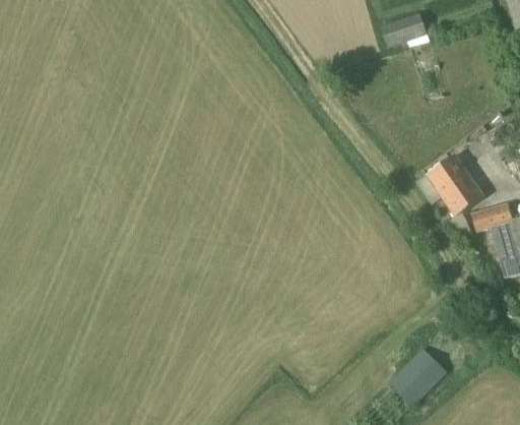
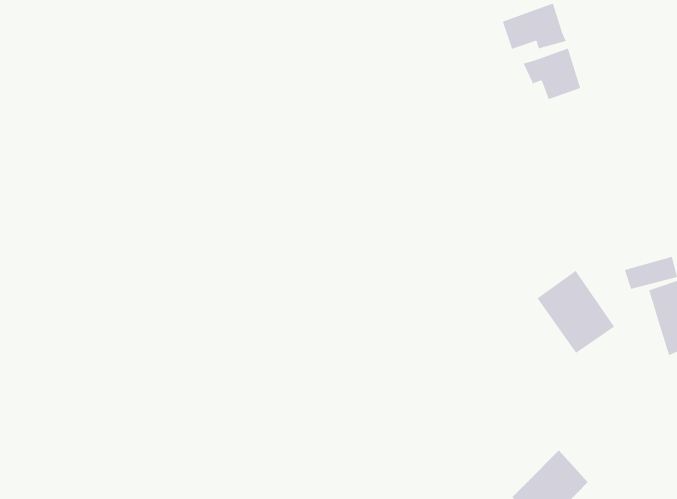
building: none -> [523,47,581,100]
building: [427,154,485,217] -> [537,270,615,354]

